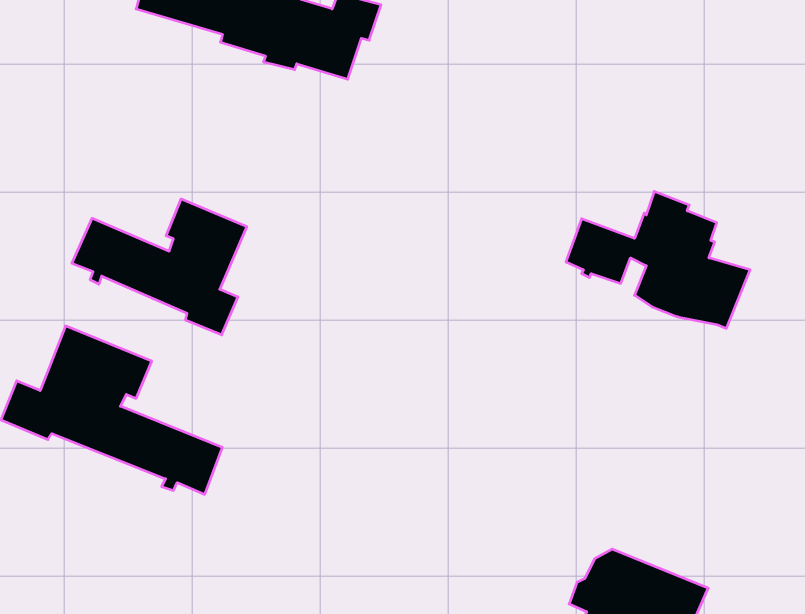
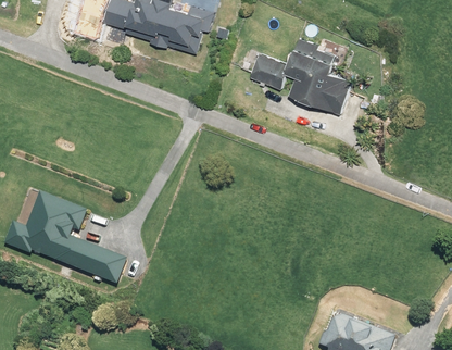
building: [566,191,750,328] -> [250,37,352,113]
building: [72,199,247,335] -> none

